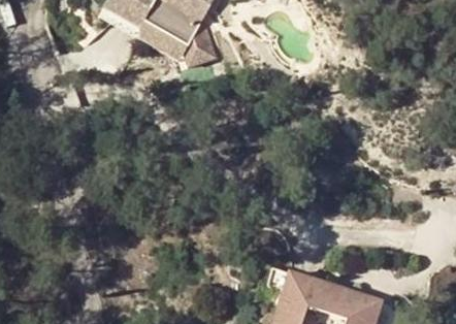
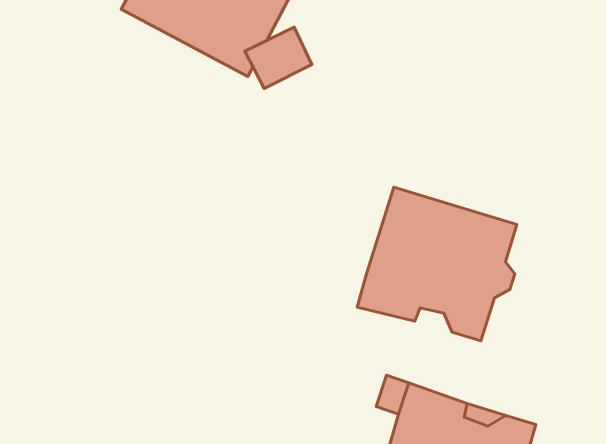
building: none -> [357,187,517,341]

